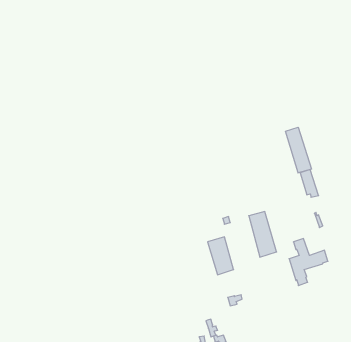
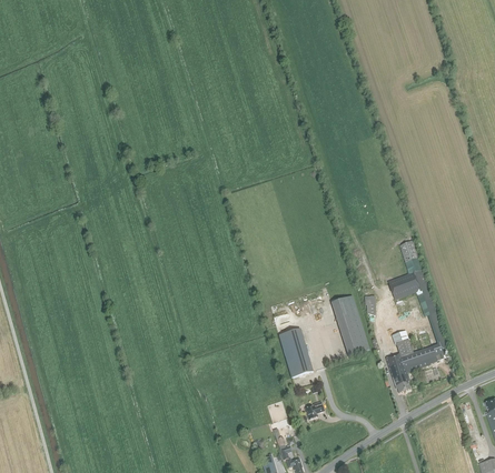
building: [285,127,312,173] -> none
building: none -> [387,271,419,299]

